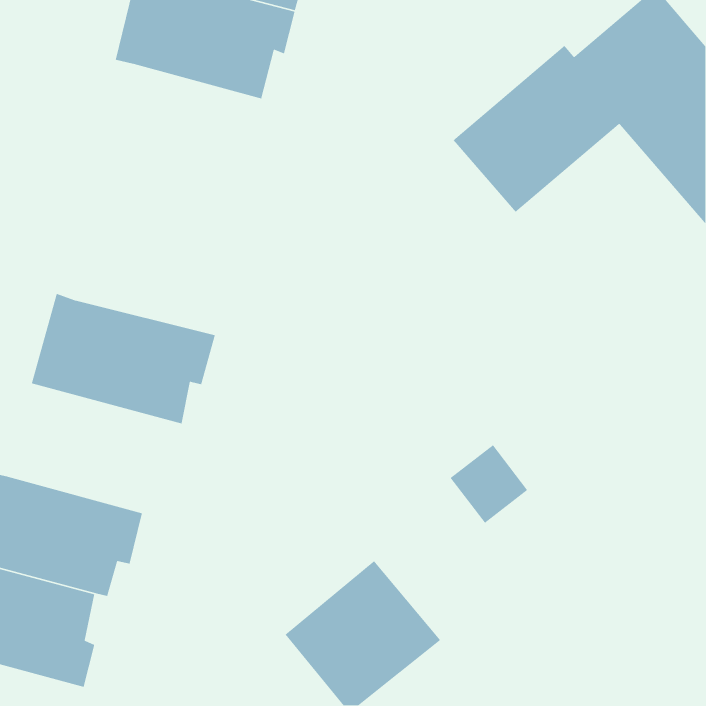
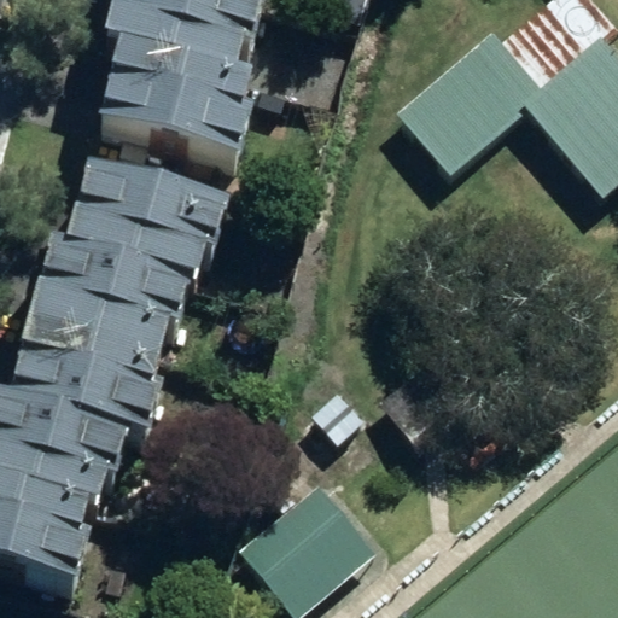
building: none -> [95,56,241,168]
building: none -> [65,175,226,291]
building: none -> [7,331,157,445]

